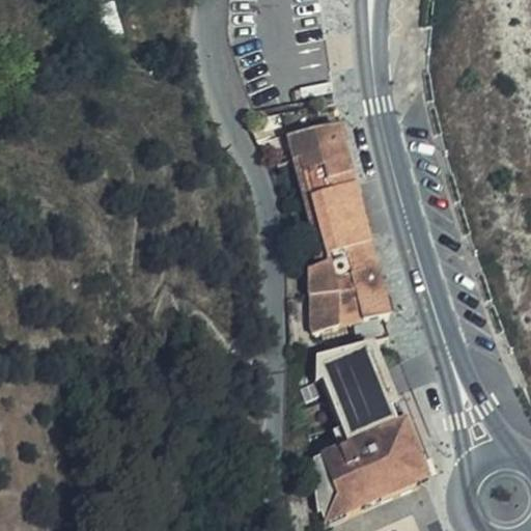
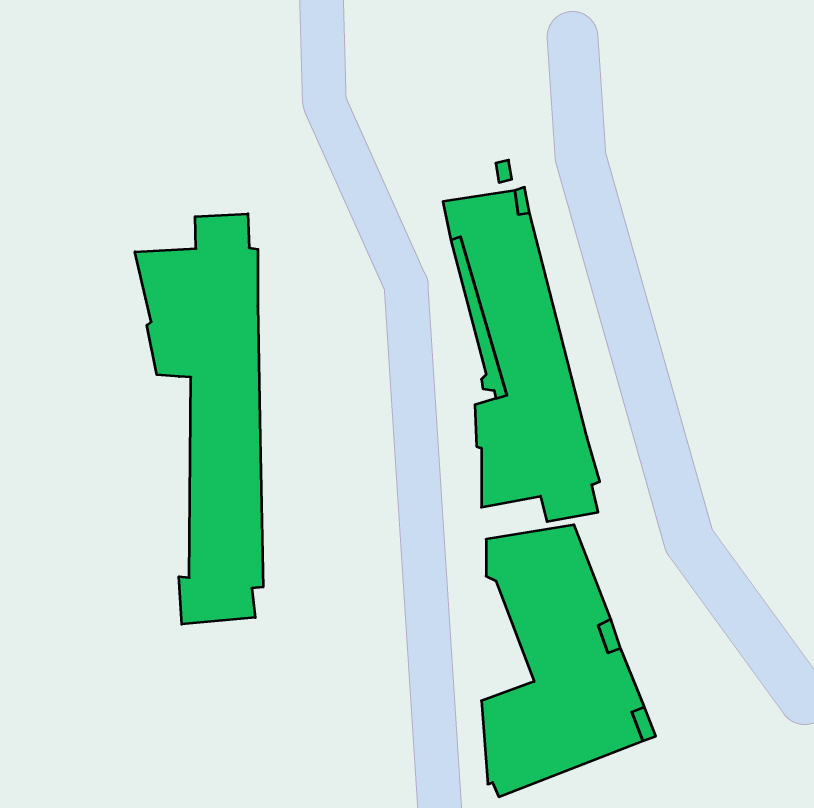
building: none -> [135,214,263,624]

